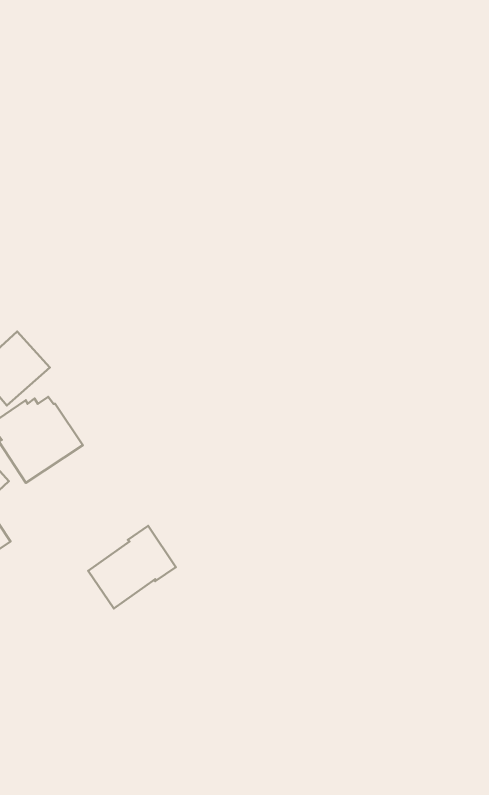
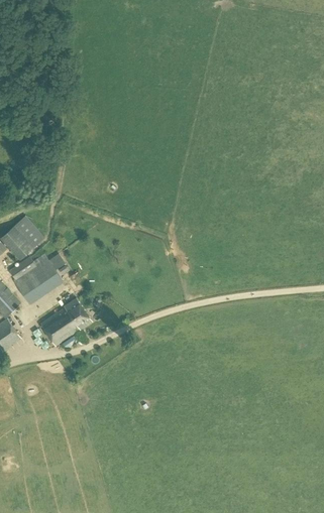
building: [88,526,176,609] -> [40,297,92,346]

